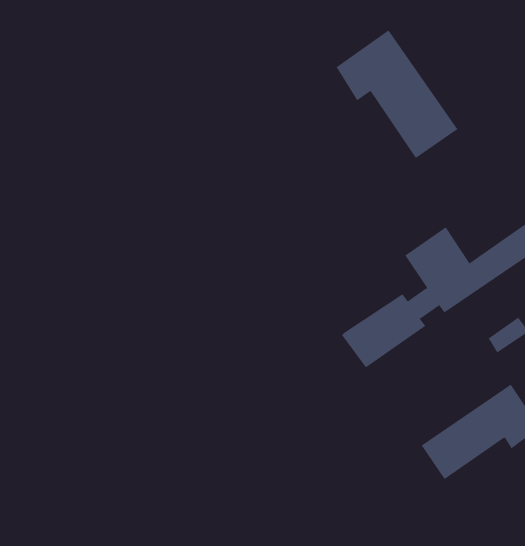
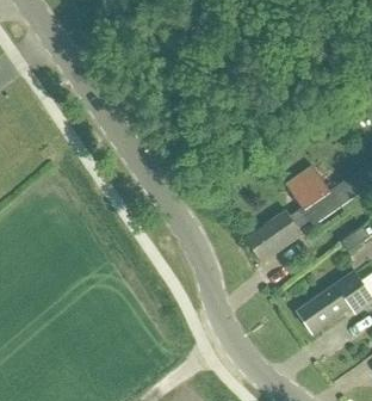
building: [336,30,458,159] -> none

